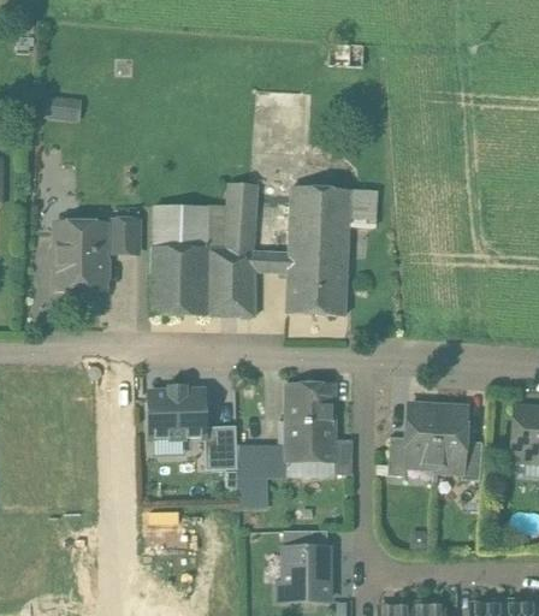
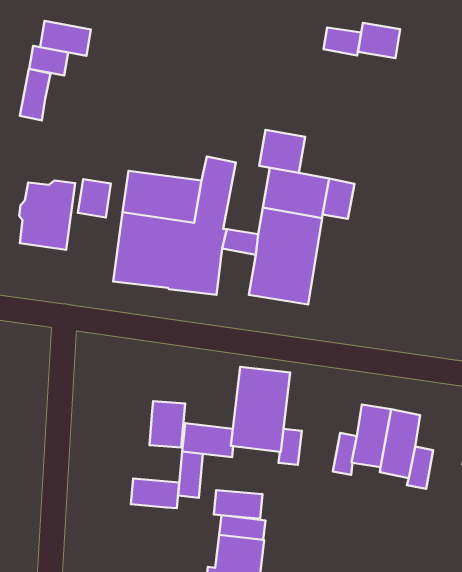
building: none -> [358,23,400,58]
building: none -> [40,21,91,56]
building: none -> [20,69,51,121]
building: none -> [259,130,305,173]
building: [149,387,205,438] -> none
building: none -> [131,479,179,508]
building: none -> [214,490,262,518]

